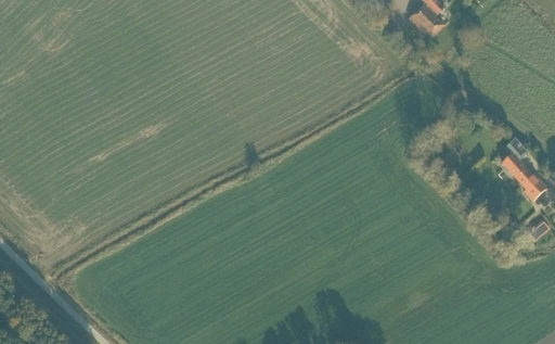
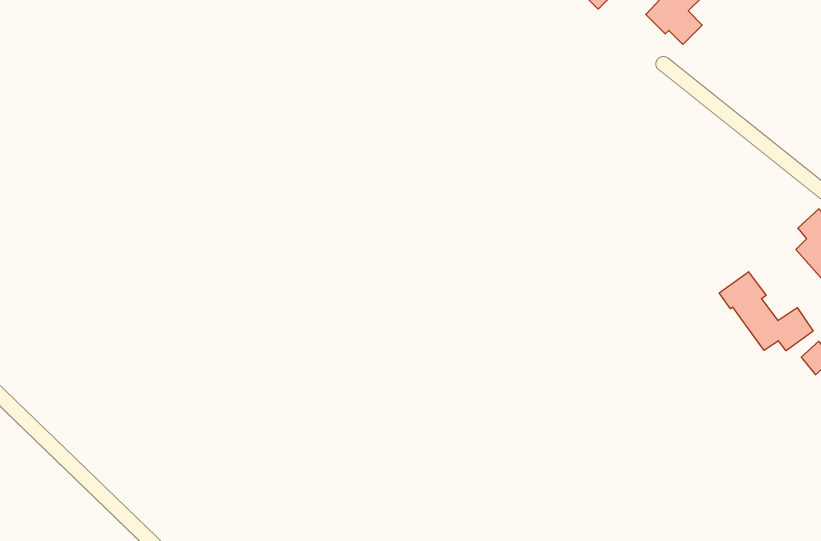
building: none -> [719,272,813,351]

